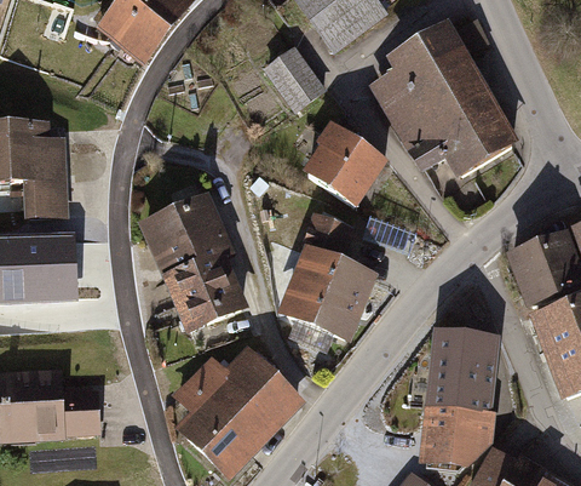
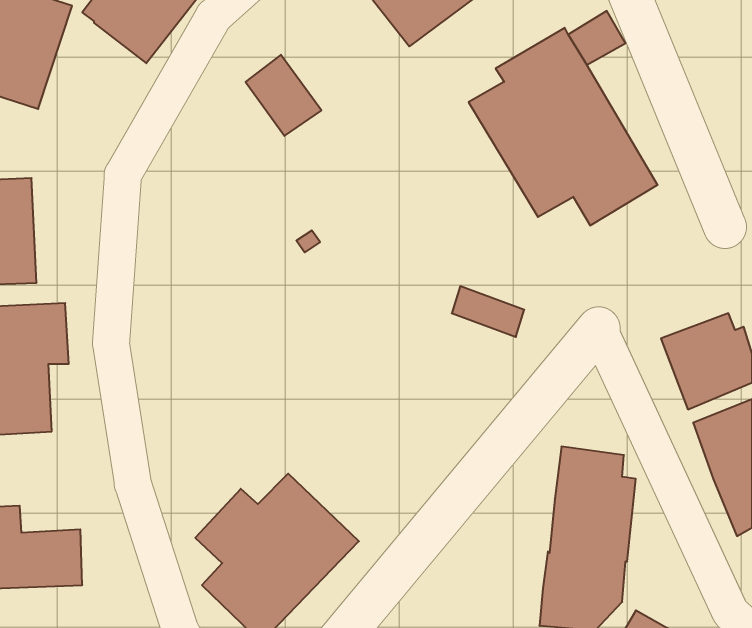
building: [266,48,321,107] -> [246,55,321,136]
building: [306,124,382,204] -> none
building: [154,200,240,327] -> none
building: [286,217,368,336] -> none

